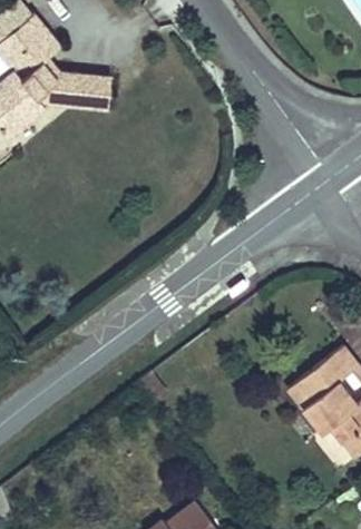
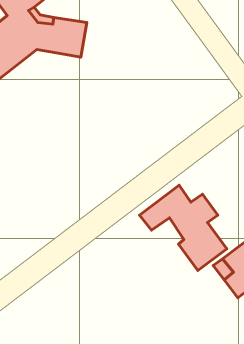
building: none -> [139,185,227,270]

